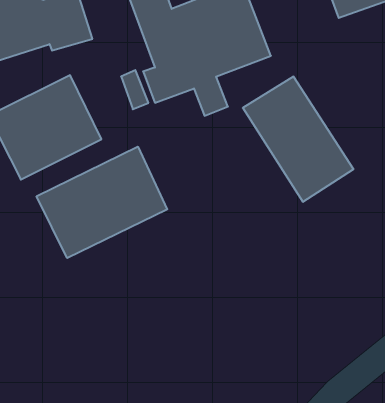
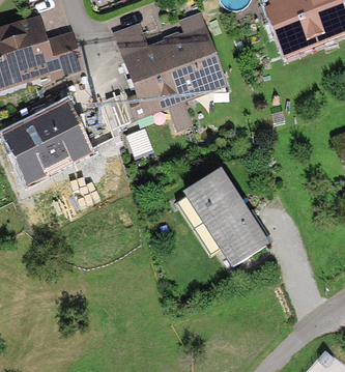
building: [243,77,354,202] -> [182,168,270,267]
building: [37,147,167,258] -> none

